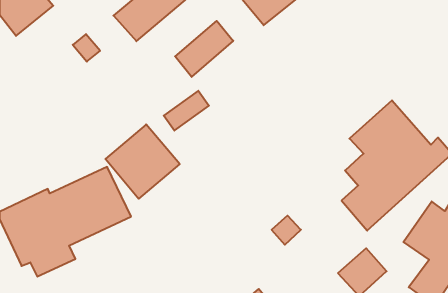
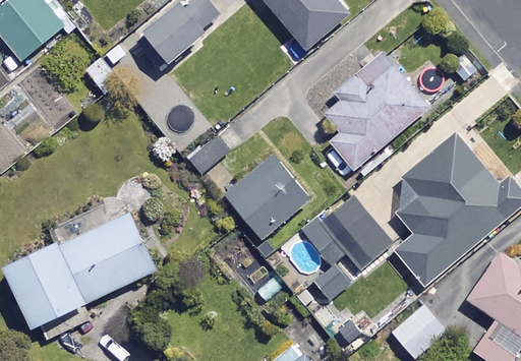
building: [175,21,233,77] -> none
building: none -> [319,54,428,171]
building: [105,124,180,199] -> [223,155,308,240]
building: none -> [305,195,393,270]

